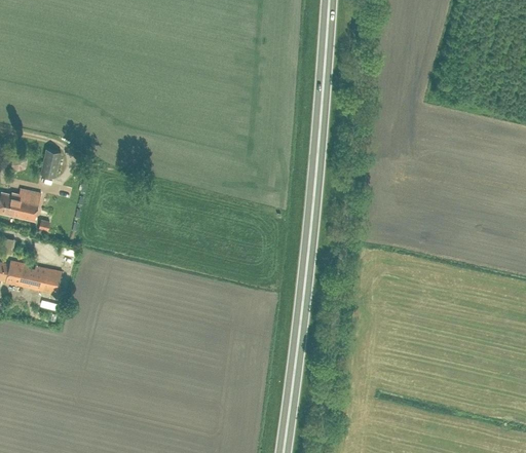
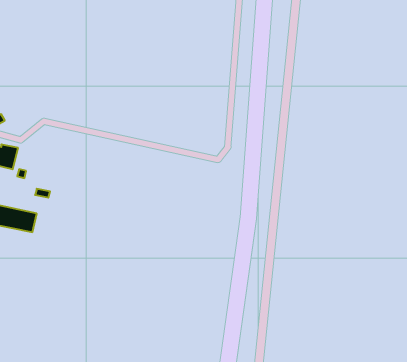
building: [38,152,59,180] -> none

